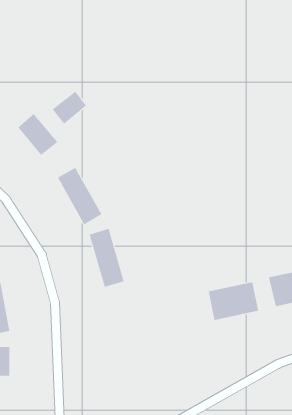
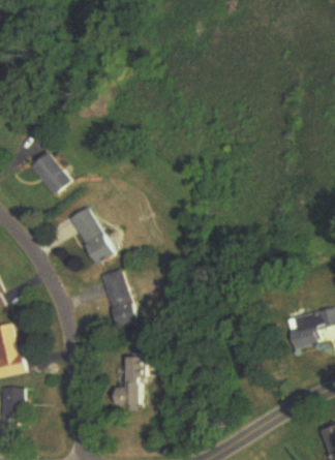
building: [52,91,87,124] -> none
building: [208,281,259,321] -> none
building: none -> [117,356,146,404]

